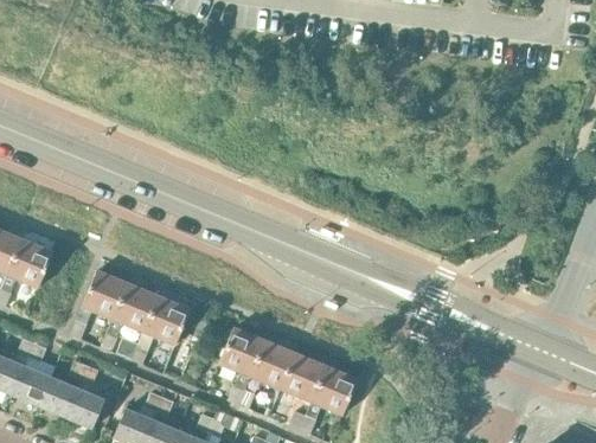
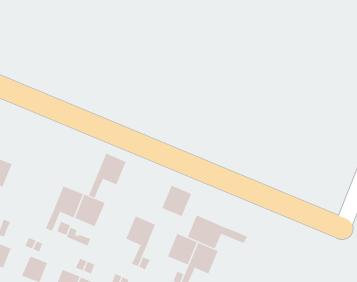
building: [71,271,128,339] -> [88,153,127,199]
building: none -> [187,215,248,249]
building: [251,341,296,389] -> [161,185,192,217]
building: [40,377,79,417] -> none

